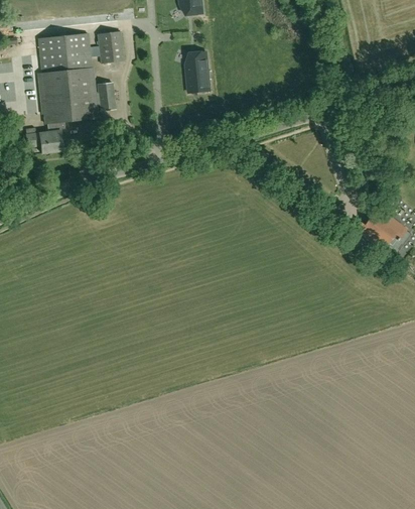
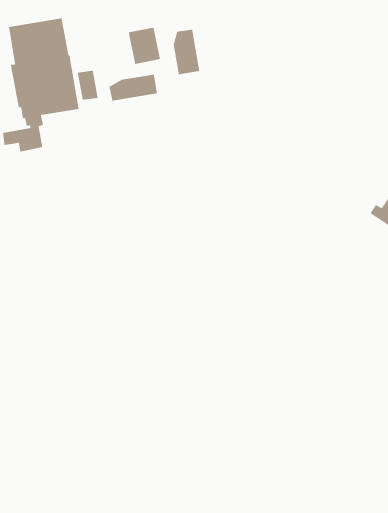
building: [96,29,124,62] -> [128,27,161,65]
building: none -> [109,74,158,102]

